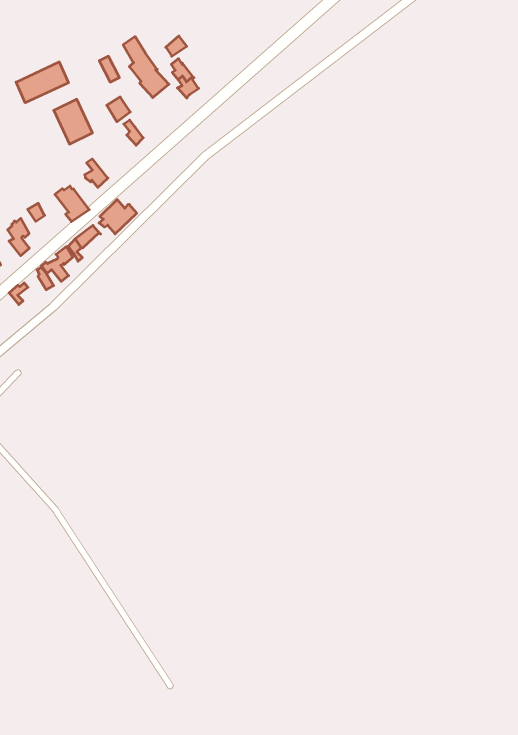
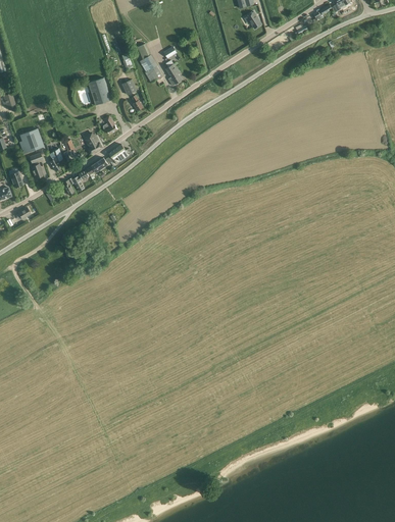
building: [16,62,68,103] -> none

